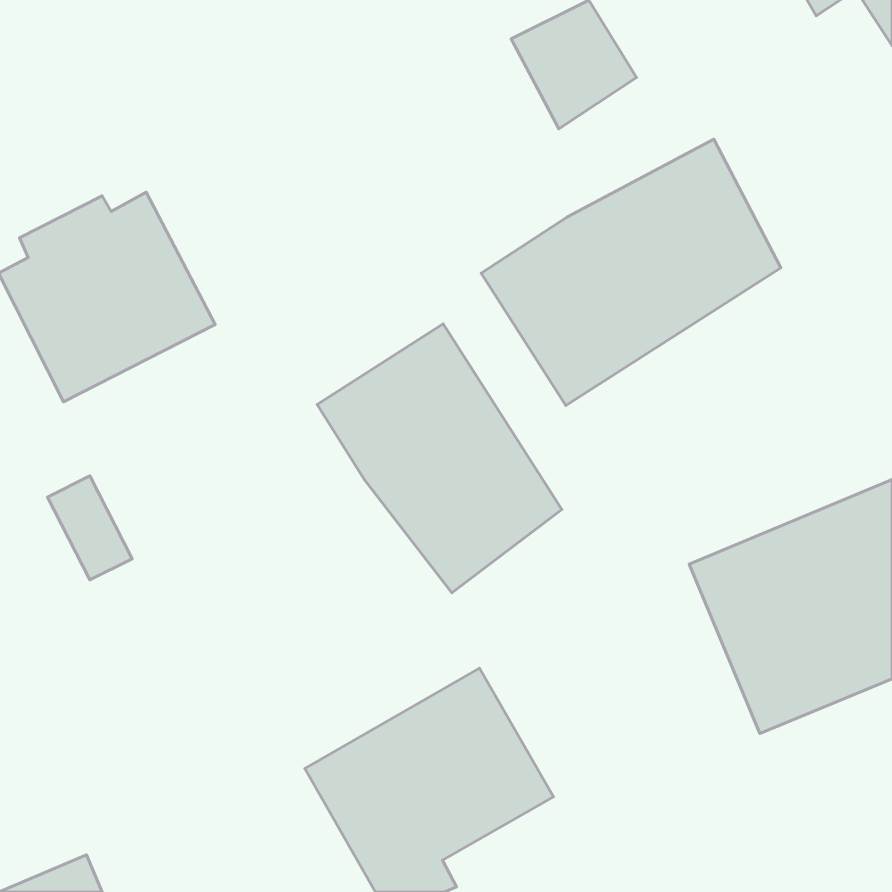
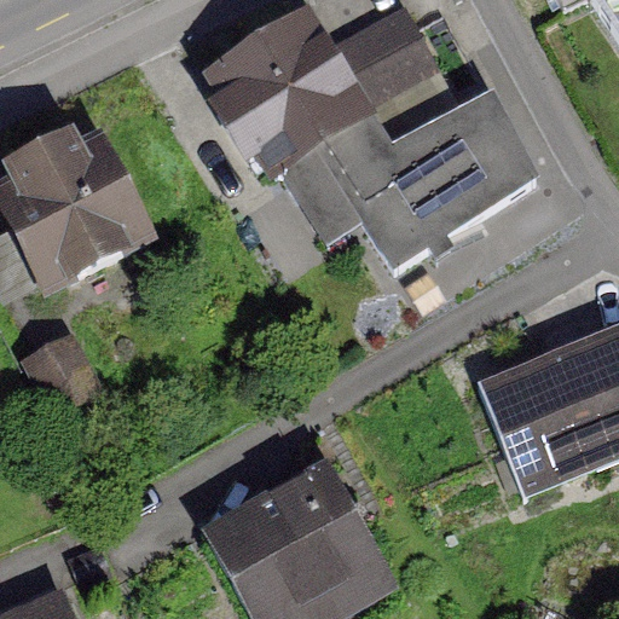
building: none -> [218,17,382,192]
building: [317,324,562,593] -> none

